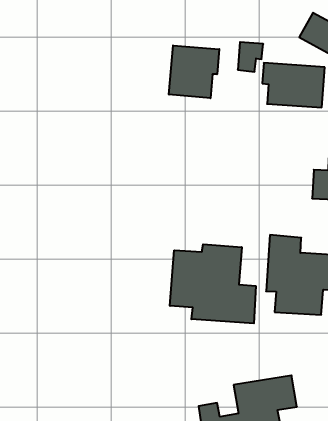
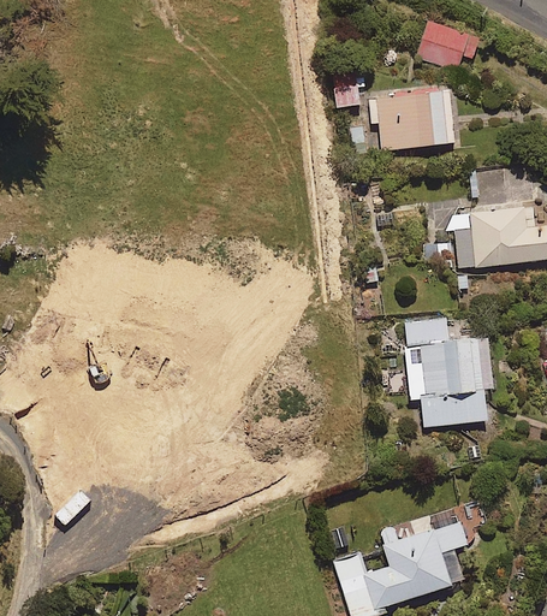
building: [169,45,219,98] -> none
building: [170,244,256,323] -> none

